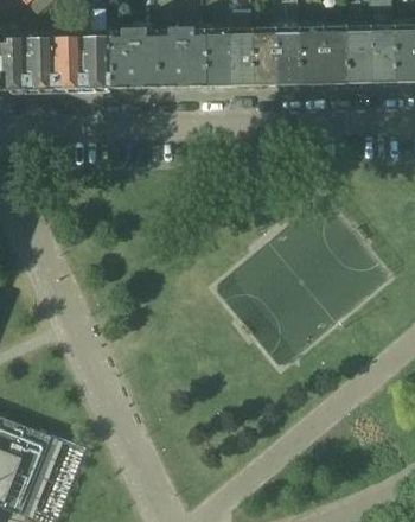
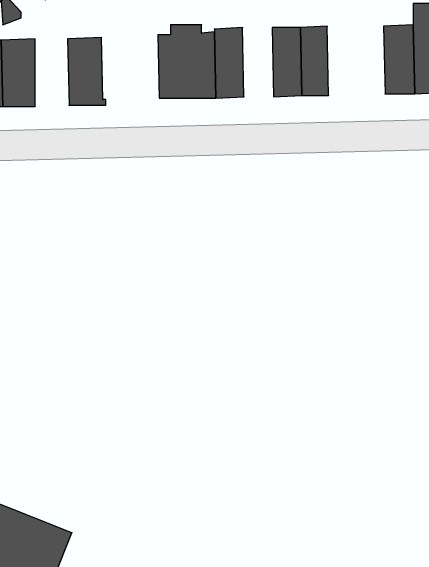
building: [108,25,157,88] -> none
building: [298,26,346,84] -> none
building: [226,27,253,85] -> none
building: [52,37,81,94] -> none

